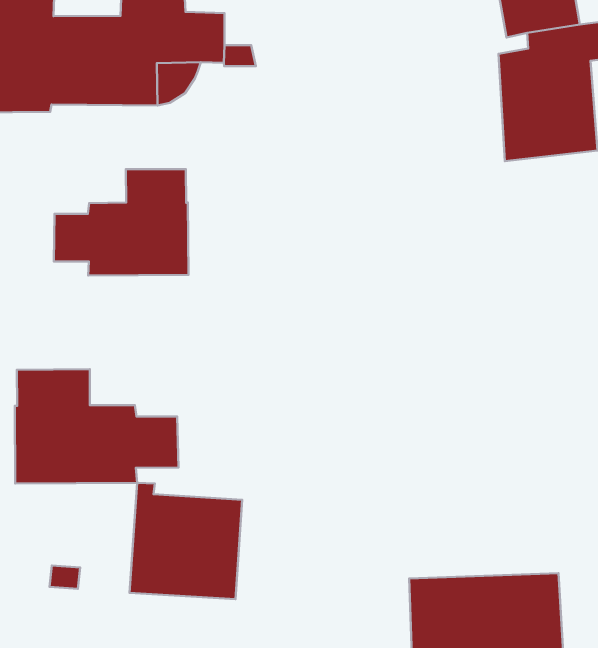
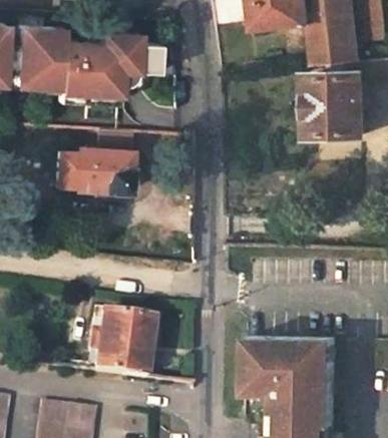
building: [15,369,179,484] -> none
building: none -> [243,336,329,372]

